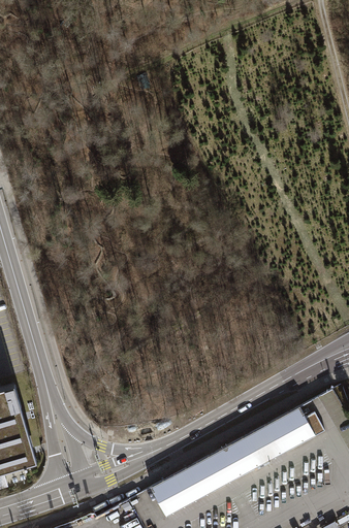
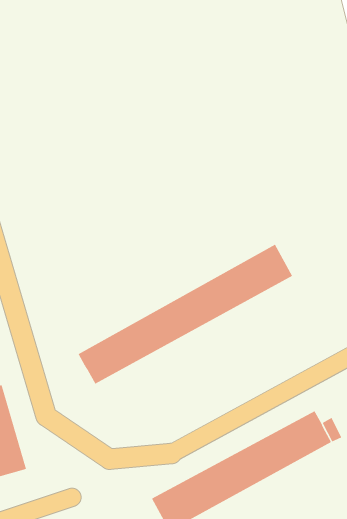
building: none -> [78,244,293,385]

